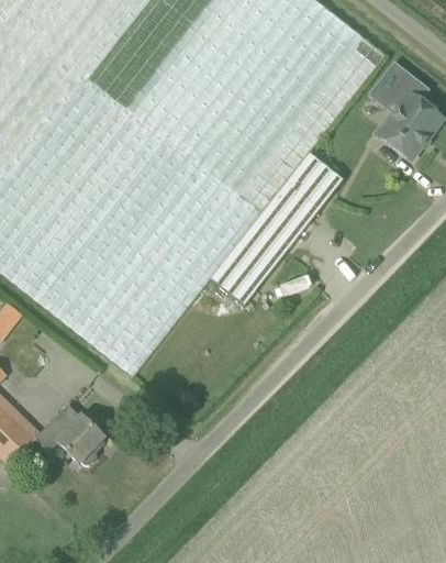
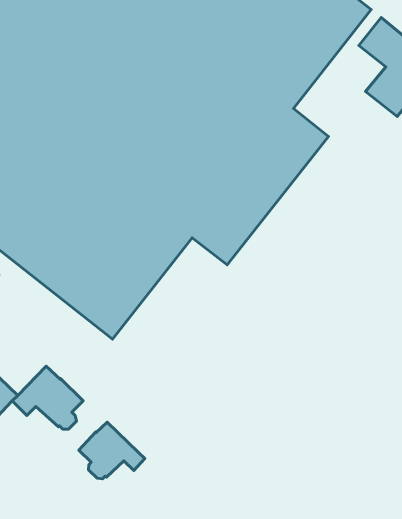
building: none -> [79,422,145,479]

